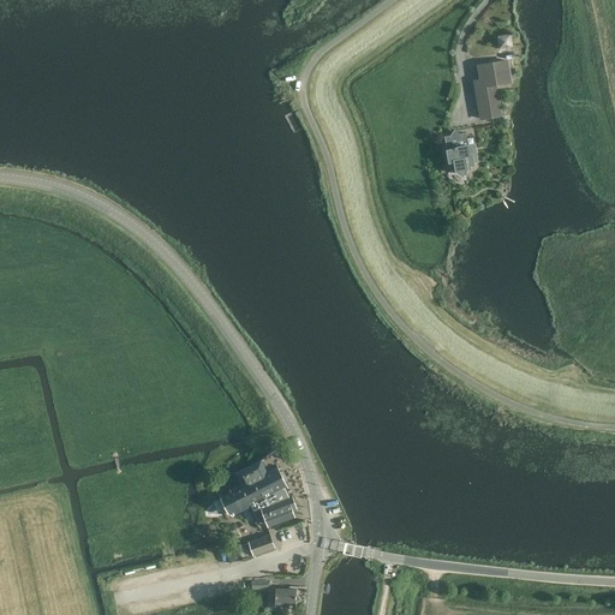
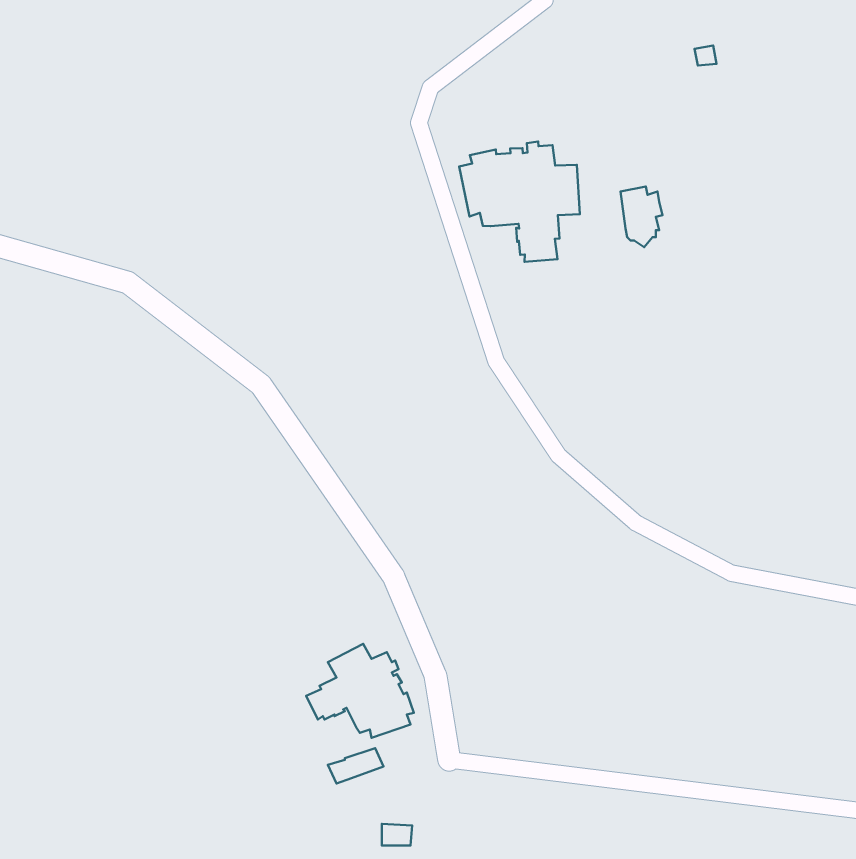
building: [473,61,508,118] -> none
building: none -> [459,141,580,262]

